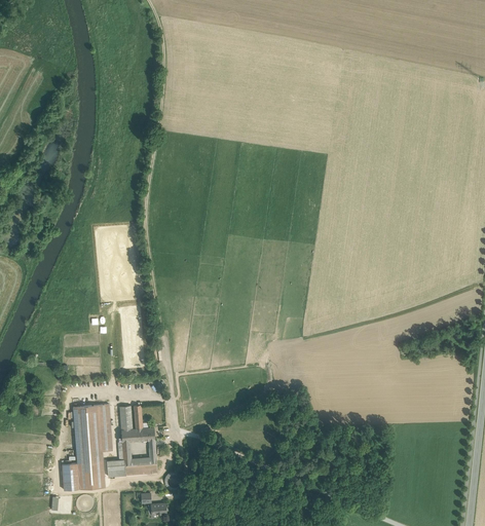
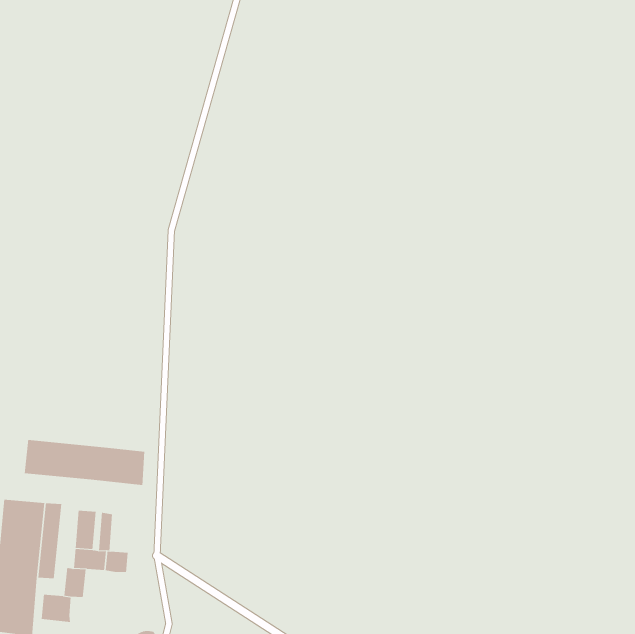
building: none -> [24,439,145,486]
building: [123,457,157,475] -> none

